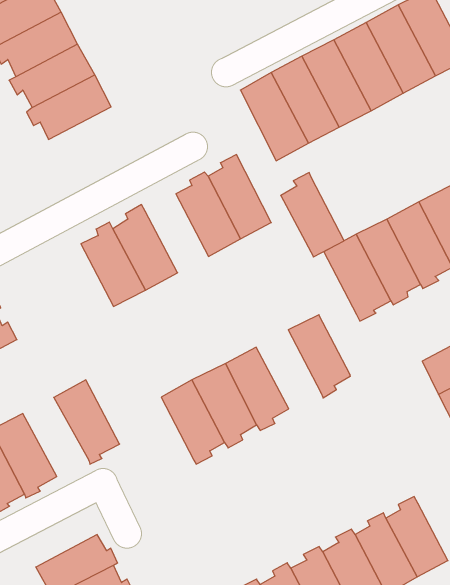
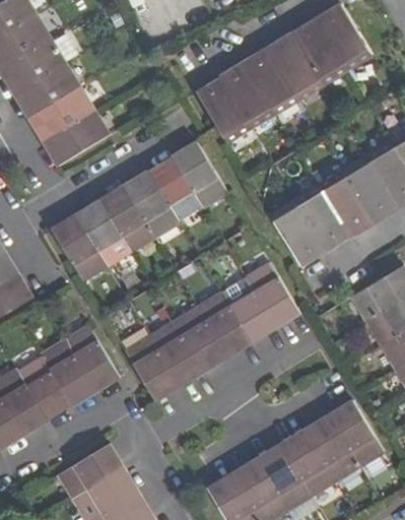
building: none -> [44,111,111,164]
building: [281,173,344,257] -> [127,172,179,238]
building: none -> [55,215,107,281]
building: none -> [220,277,273,343]
building: none -> [120,328,177,402]
building: none -> [41,341,94,406]

